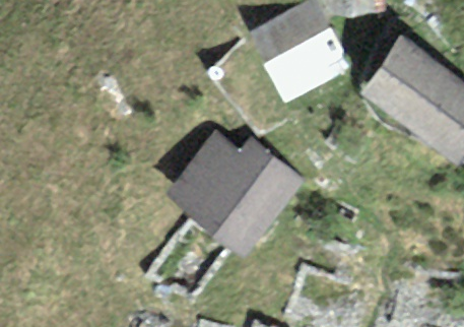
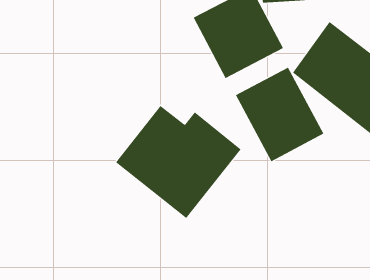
building: none -> [235,67,324,162]

